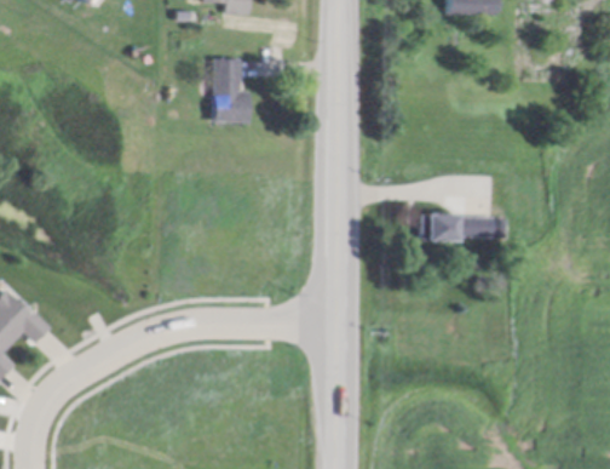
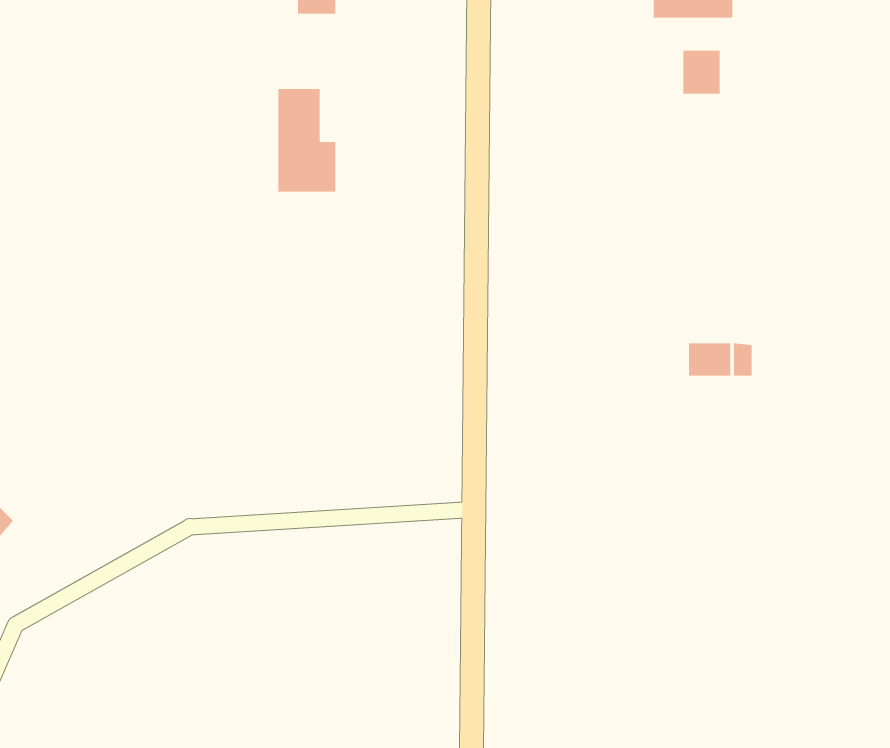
building: none -> [683,50,720,95]
building: [421,215,459,244] -> none

